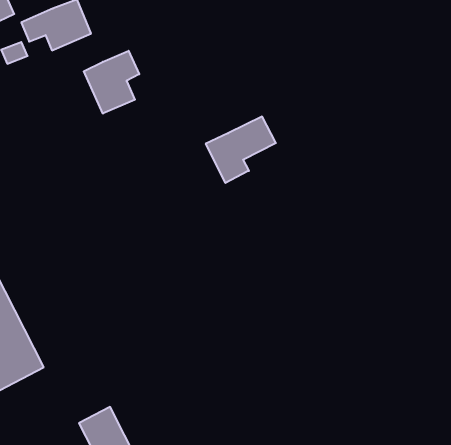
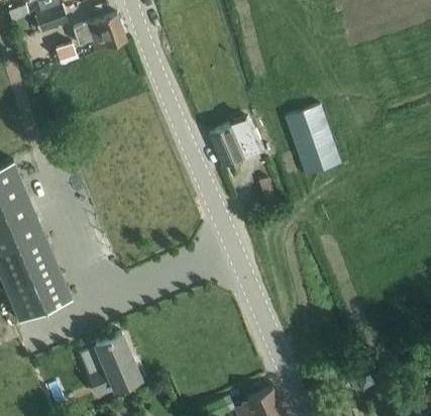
building: [84,51,139,114] -> none
building: none -> [285,107,338,177]

